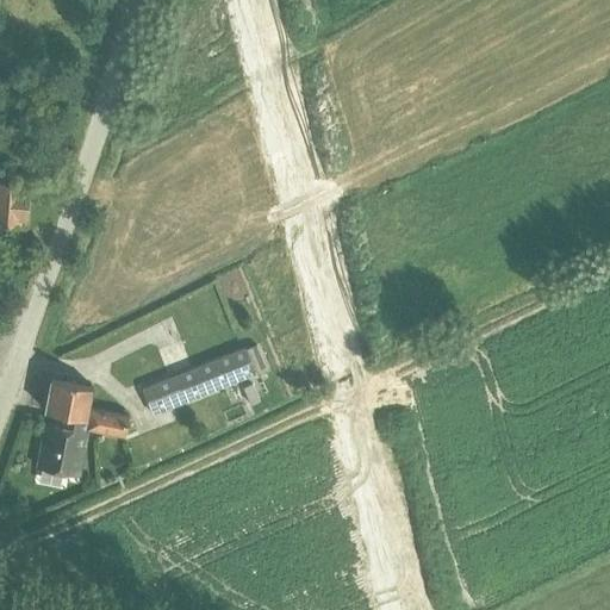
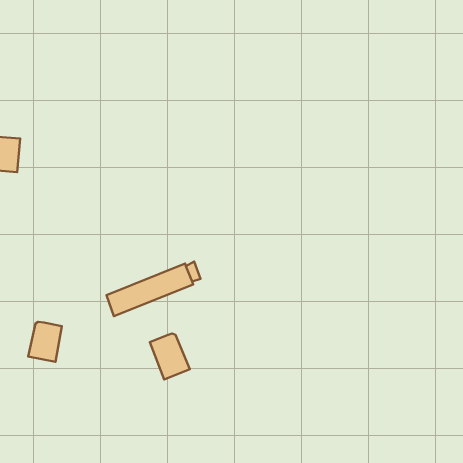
building: [43,380,126,438] -> none
building: none -> [150,333,190,380]

